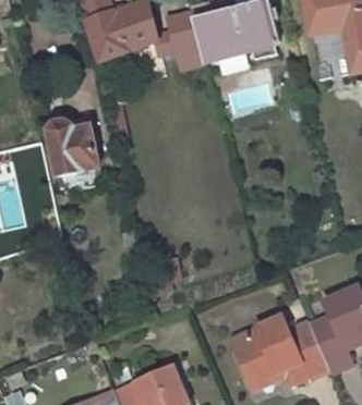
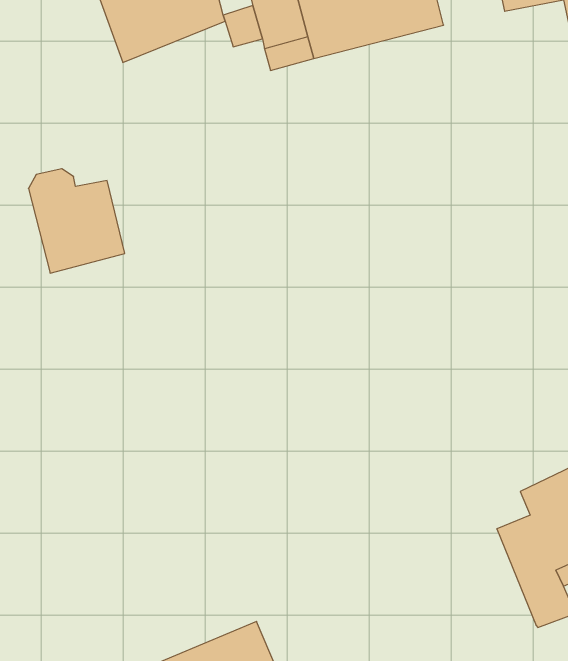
building: [230,316,328,386] -> none

